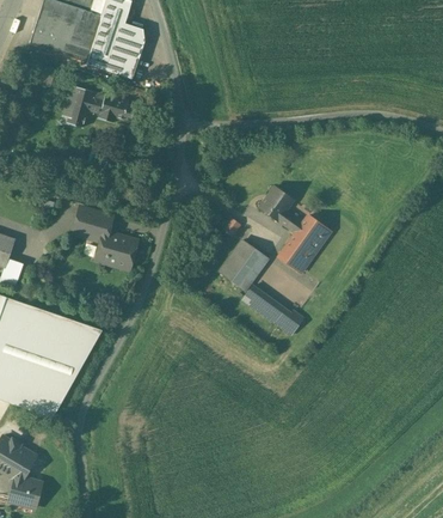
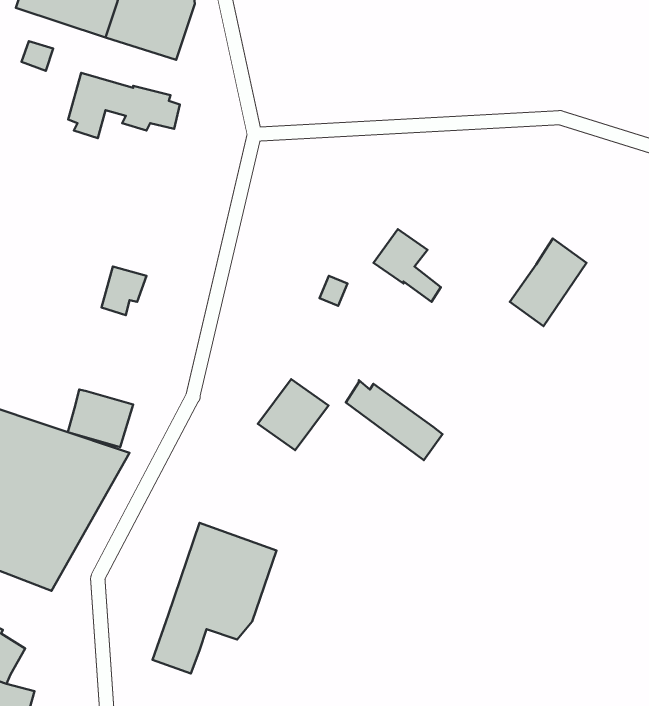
building: [279,215,328,272] -> [510,239,586,326]
building: [96,231,137,268] -> [68,389,133,447]
building: [220,244,265,290] -> [258,379,329,450]
building: none -> [152,523,276,674]

